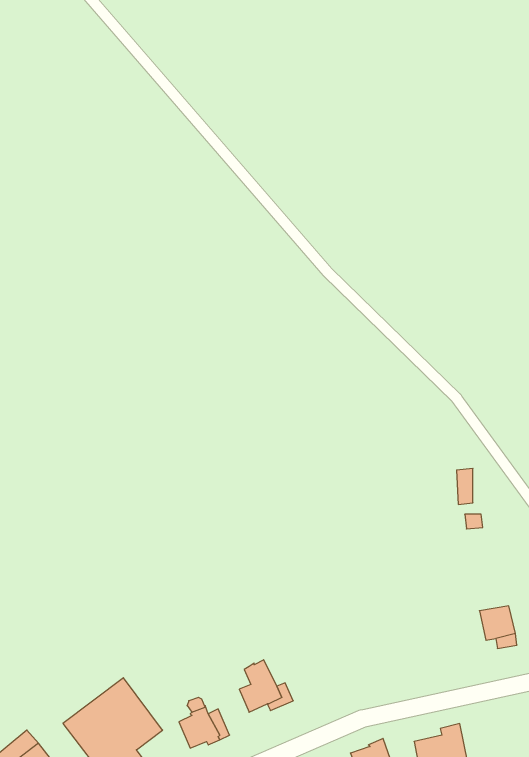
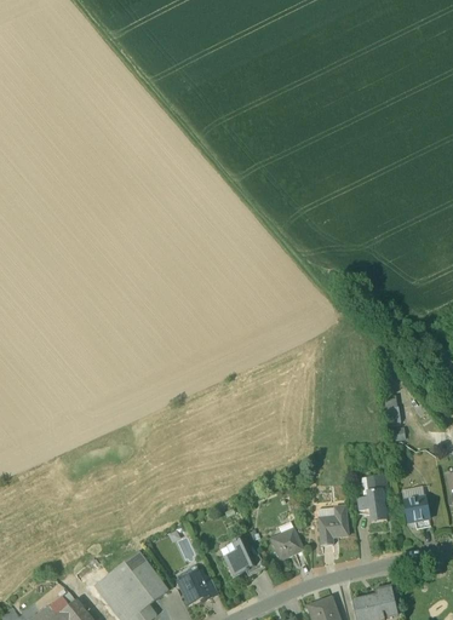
building: none -> [357,475,388,523]
building: none -> [319,506,349,546]
building: none -> [271,528,304,557]

